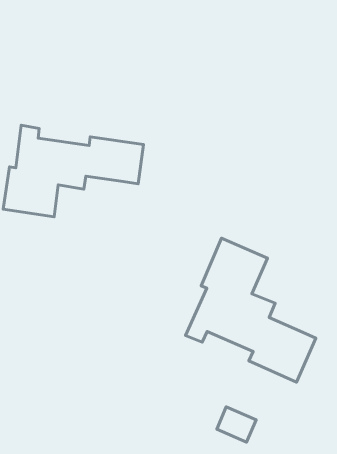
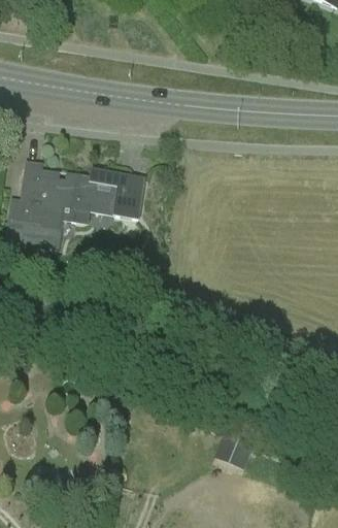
building: [185,238,316,382] -> none

